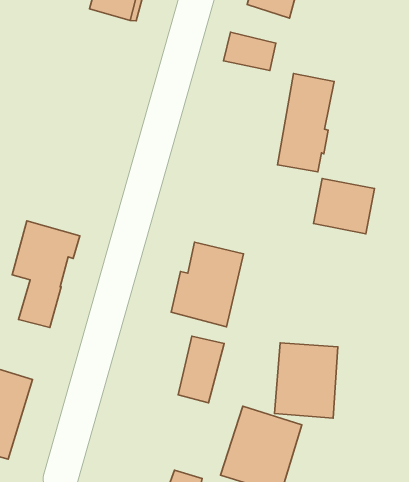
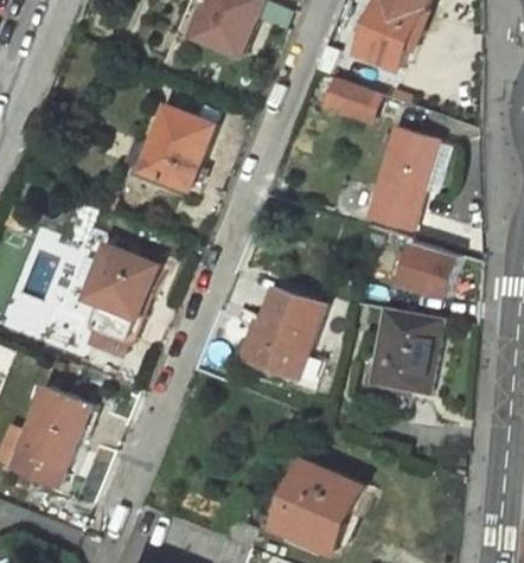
building: none -> [121,107,213,190]
building: [178,336,224,403] -> none
building: [274,343,338,418] -> [369,309,441,392]

